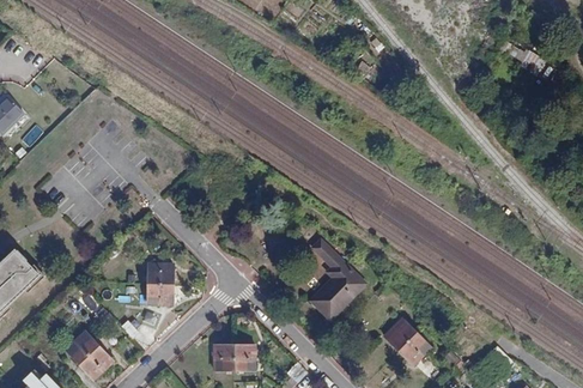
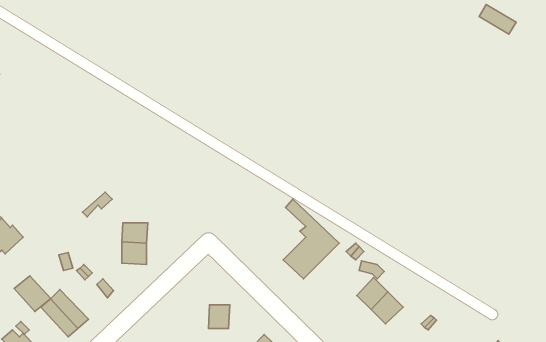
building: none -> [14,276,51,311]
building: [212,345,235,370] -> none

